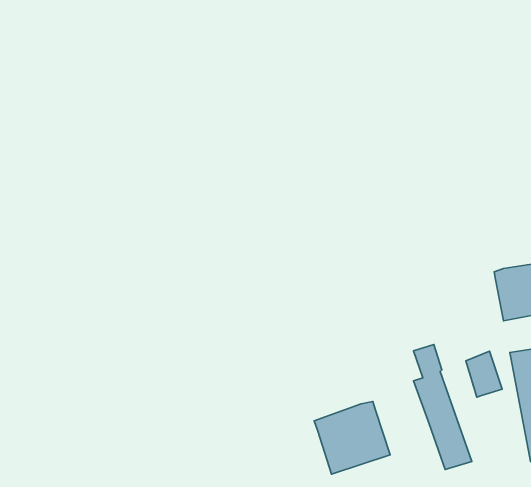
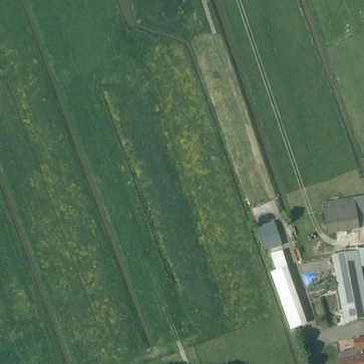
building: [466,351,502,397] -> [259,220,282,249]
building: [314,401,390,474] -> none

